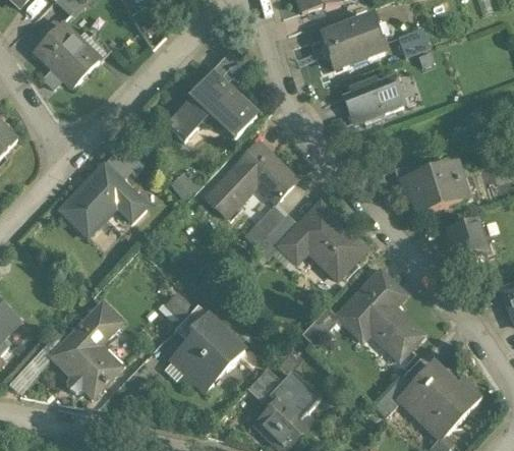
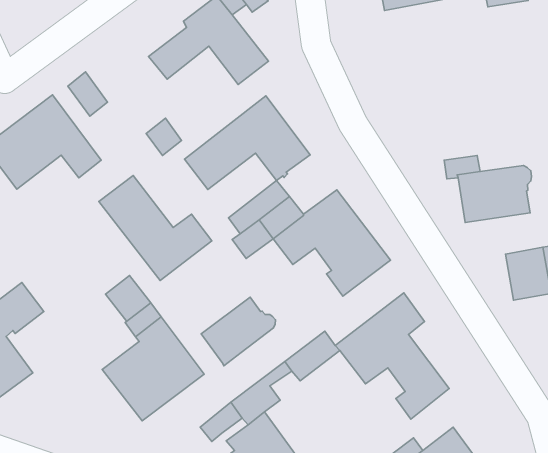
building: [344,76,403,121] -> none
building: none -> [99,175,212,281]
building: none -> [201,297,276,366]

